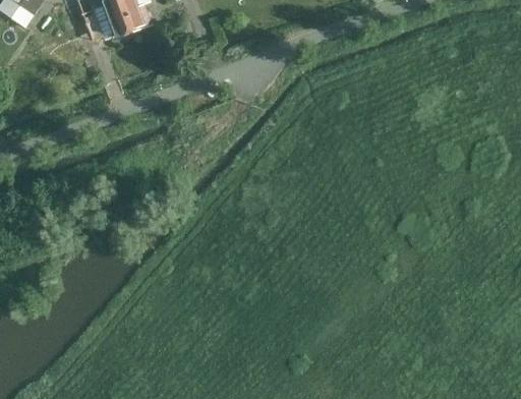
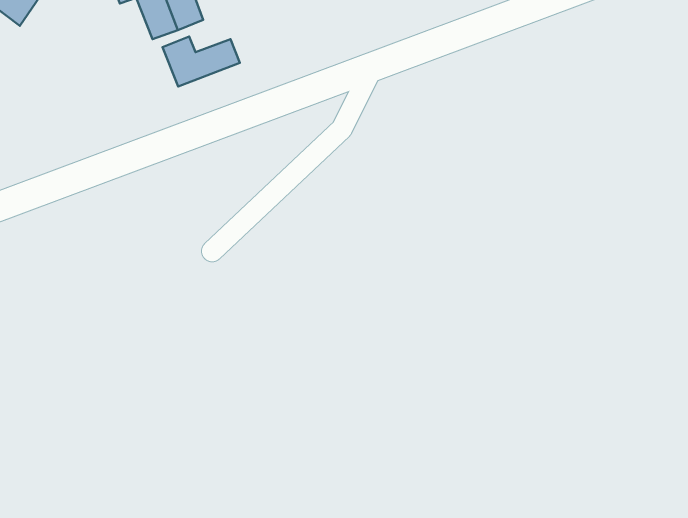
building: none -> [162,37,240,86]

